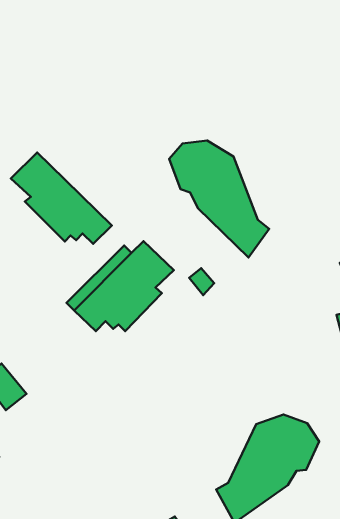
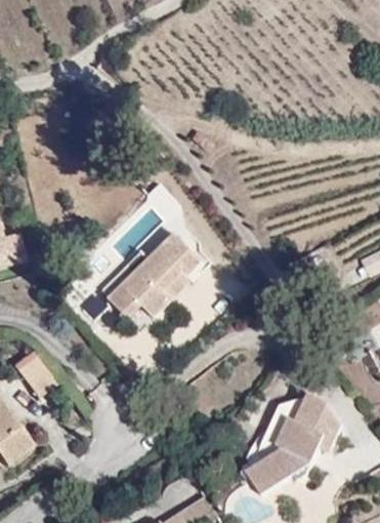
building: [169,141,269,257] -> none
building: [11,153,112,244] -> none

